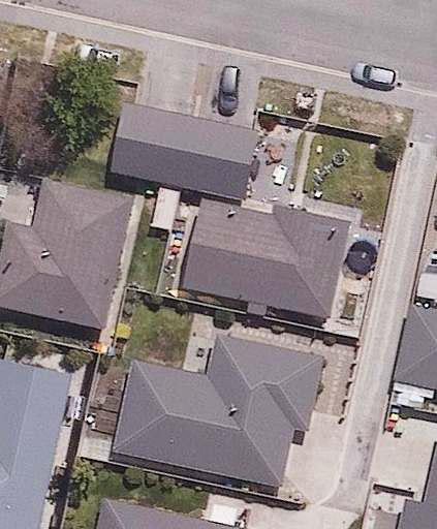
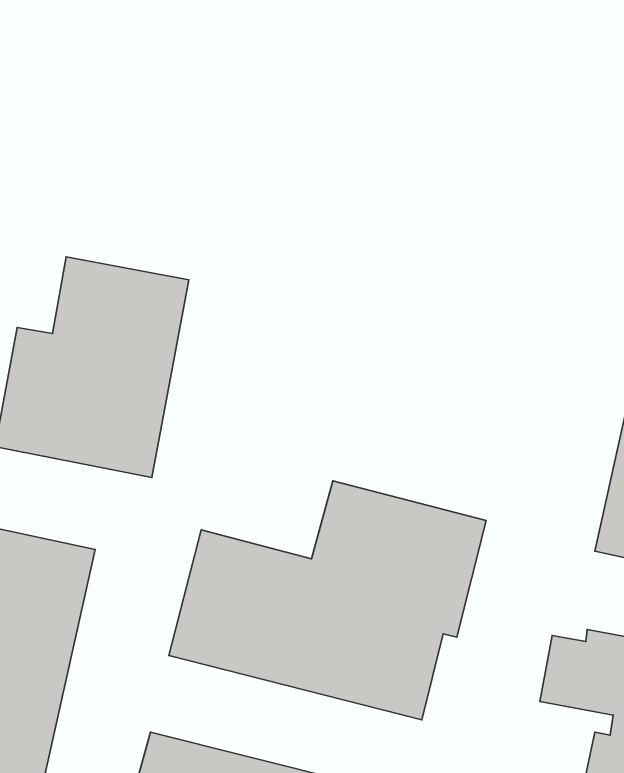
building: [102,97,268,205] -> none
building: [190,201,356,320] -> none

